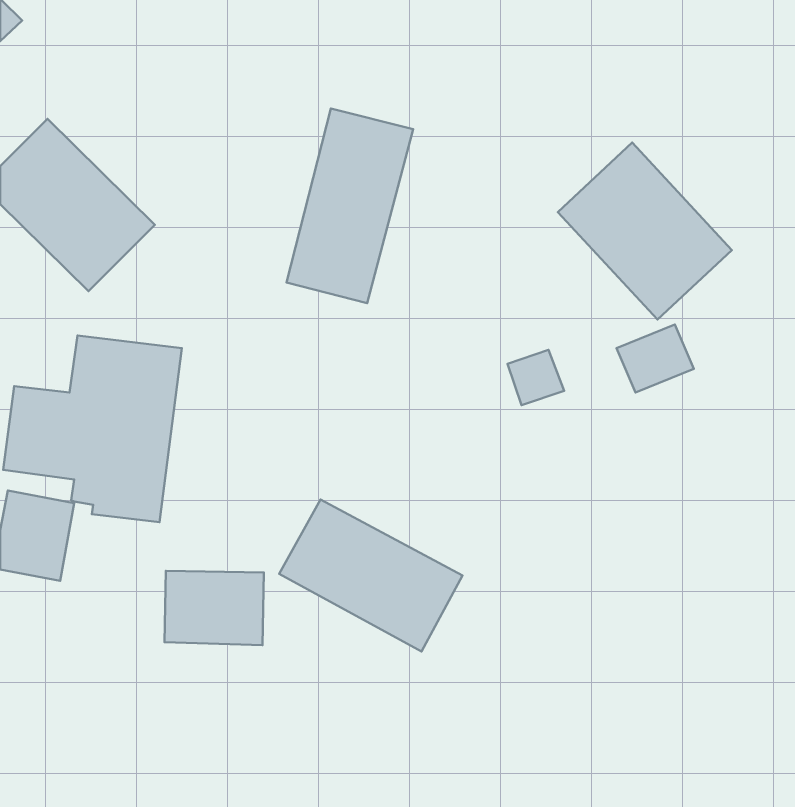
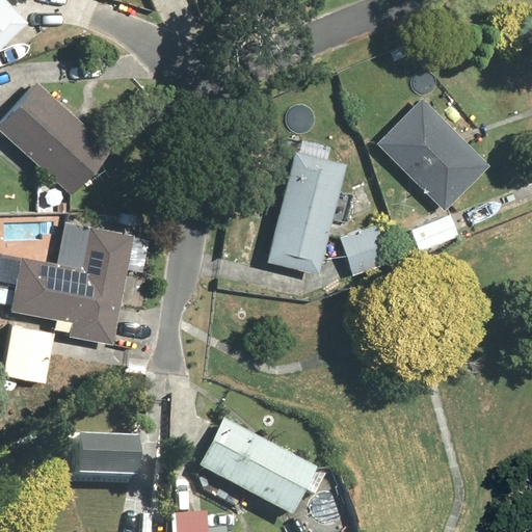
building: [287,109,413,303] -> [265,149,348,276]
building: [279,500,463,652] -> [198,420,319,520]
building: [164,571,264,645] -> [74,434,139,483]

